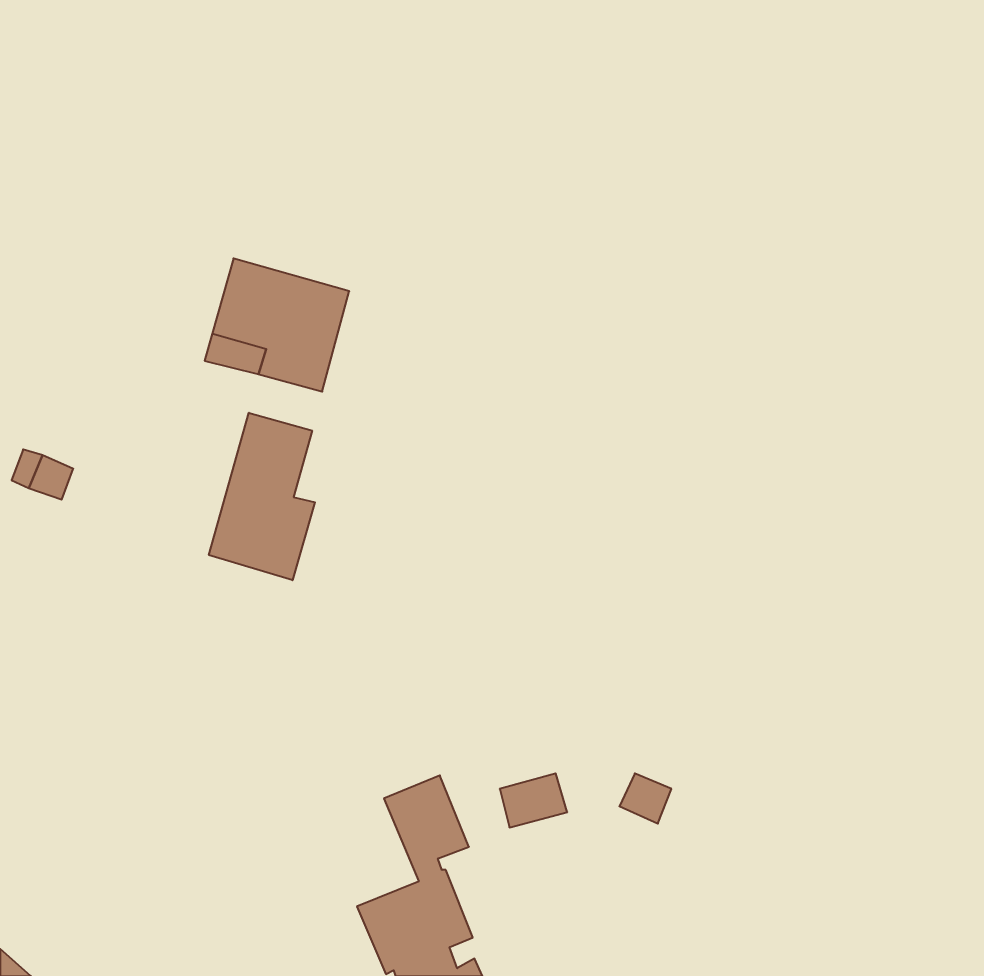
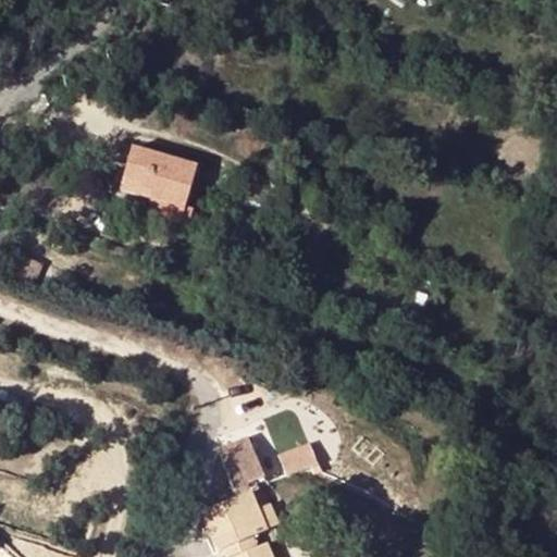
building: [209,413,315,580] -> none

